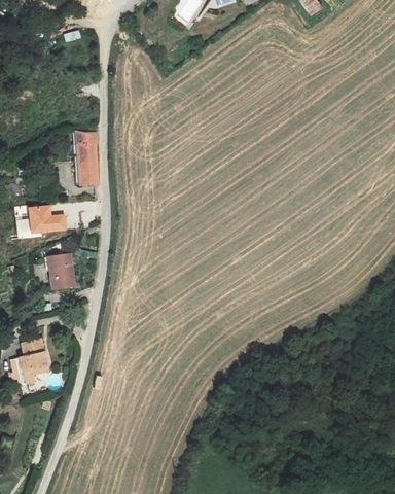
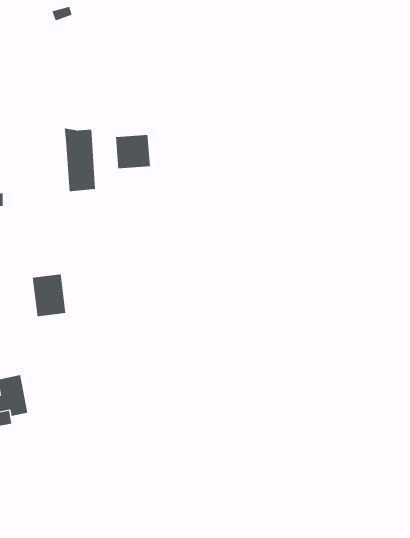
building: none -> [115,134,150,169]
building: [29,206,64,233] -> none

